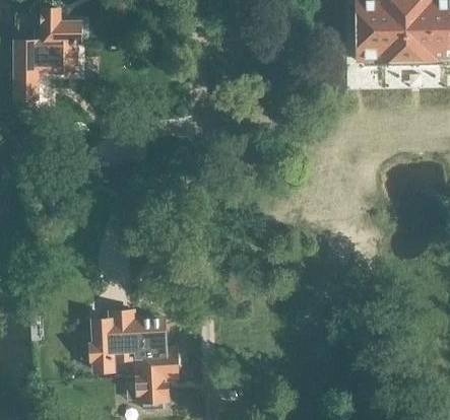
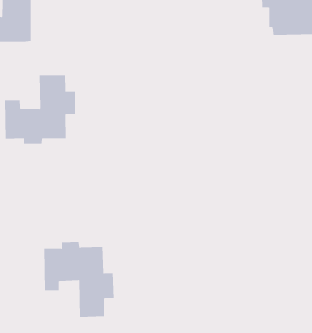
building: none -> [5,74,76,145]

